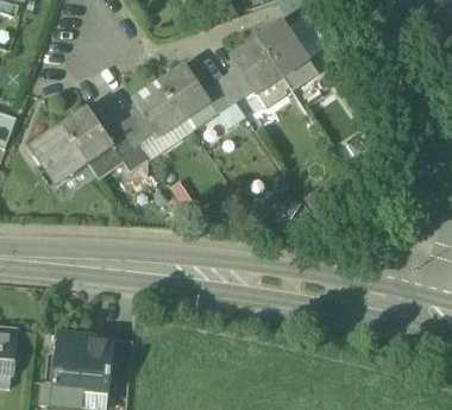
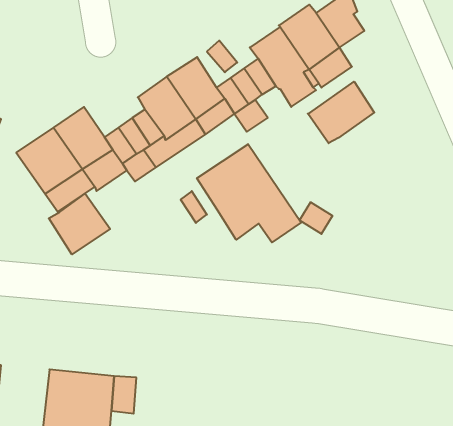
building: none -> [308,82,374,143]
building: none -> [197,144,301,242]
building: none -> [49,193,110,254]

